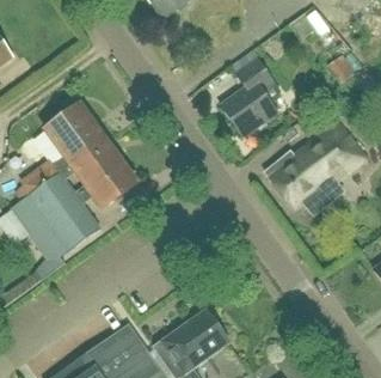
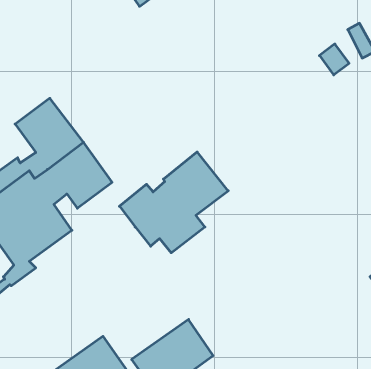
building: [220,59,277,136] -> none
building: [265,121,365,214] -> [119,152,228,253]

